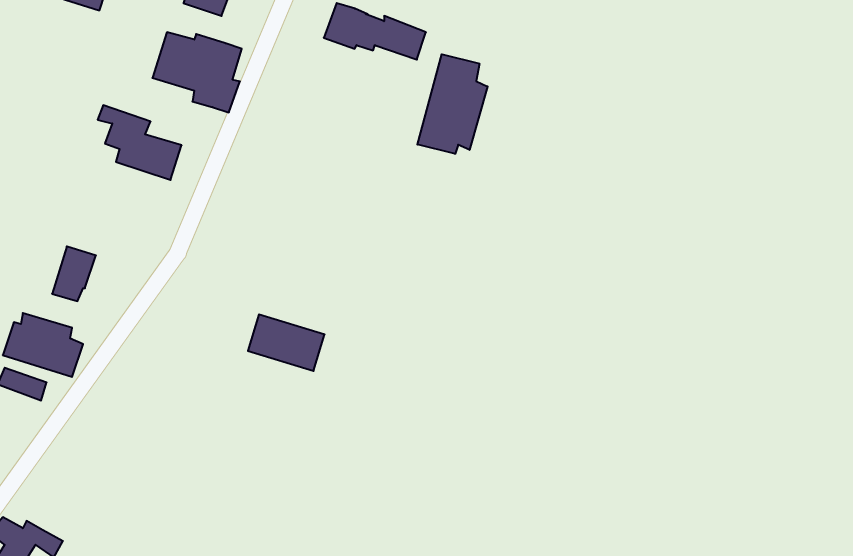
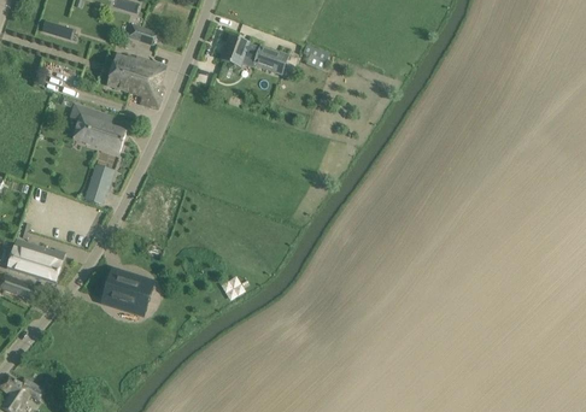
building: [417,54,488,154] -> none
building: [52,246,96,301] -> [83,167,112,204]
building: [248,314,325,371] -> [101,273,152,311]

